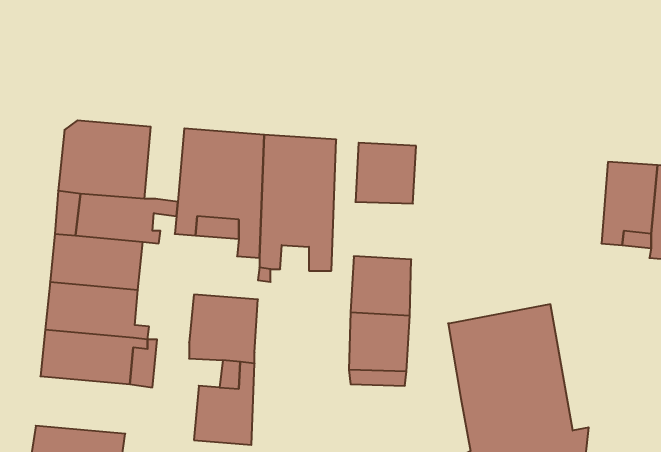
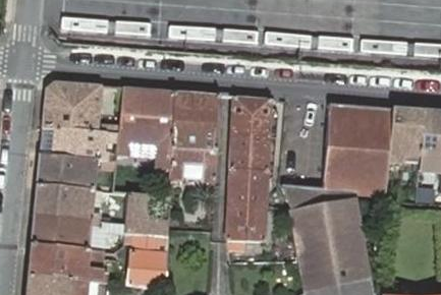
building: none -> [282,103,389,211]
building: none -> [230,133,268,170]
building: none -> [27,251,106,283]

